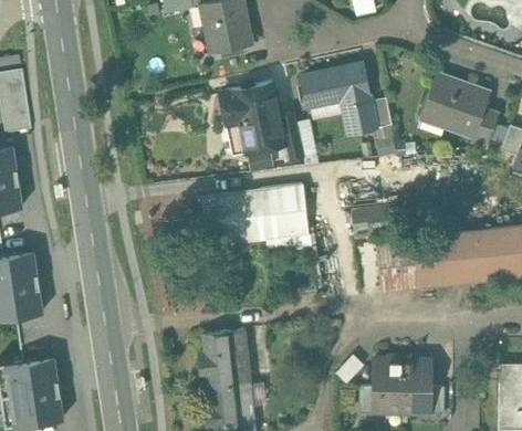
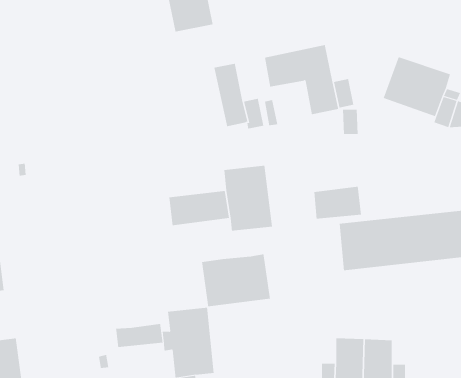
building: [220,87,263,150] -> none
building: none -> [201,254,270,307]
building: none -> [115,323,163,348]

